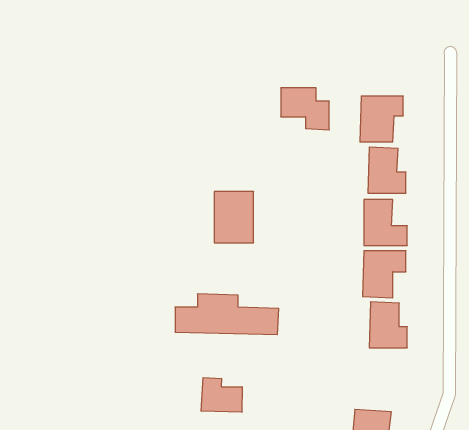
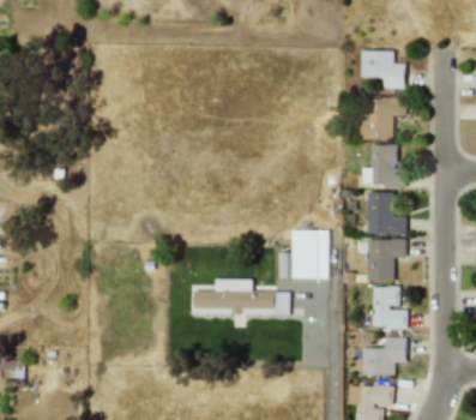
building: [281,88,329,130] -> [361,50,405,89]
building: [214,192,254,243] -> [291,230,327,277]
building: none -> [361,337,406,374]
building: [201,378,242,412] -> none

